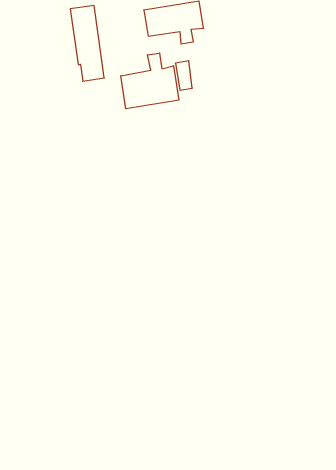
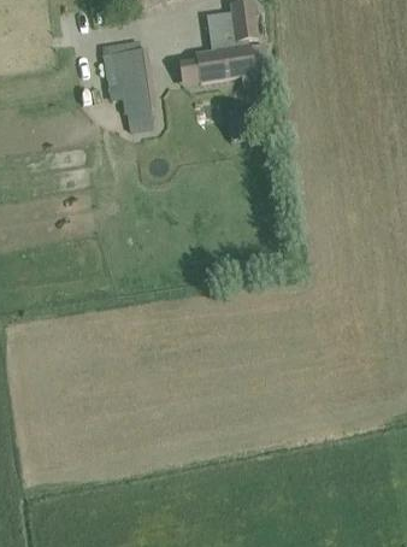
building: [121,53,179,109] -> none

